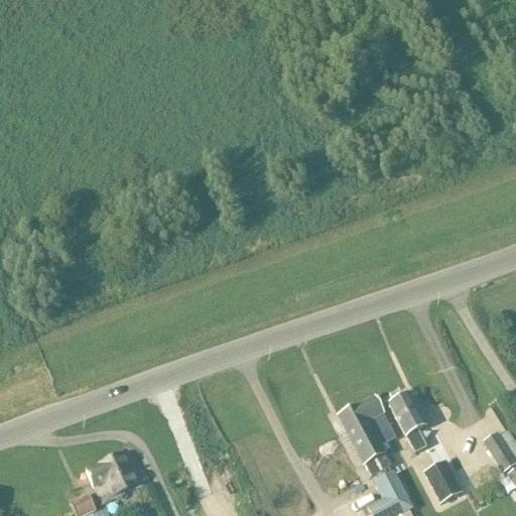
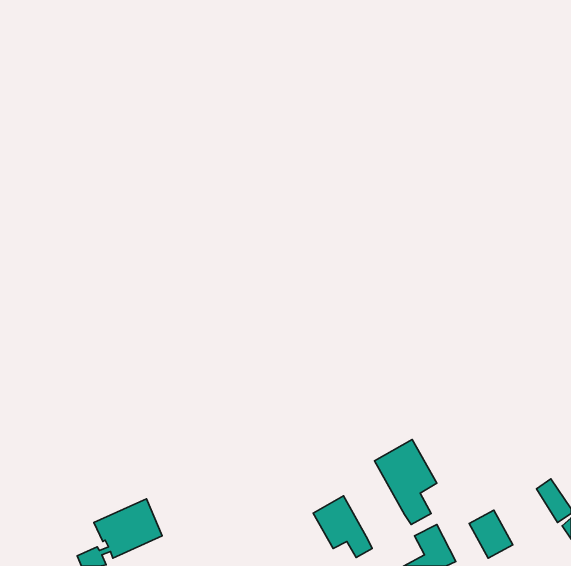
building: [388,393,425,449] -> none
building: none -> [313,496,372,558]

